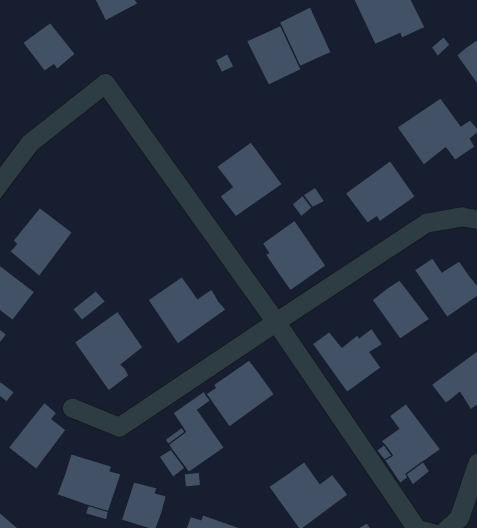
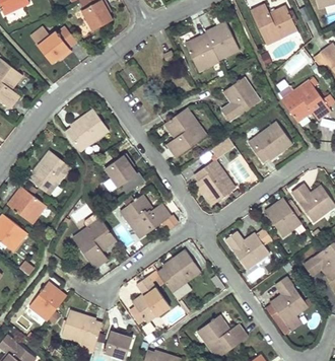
building: none -> [219,75,259,120]
building: none -> [64,105,108,150]
building: none -> [104,152,143,194]

